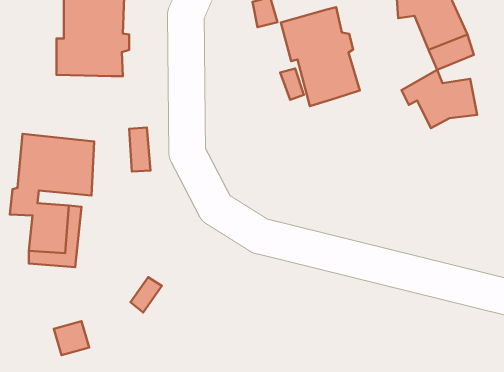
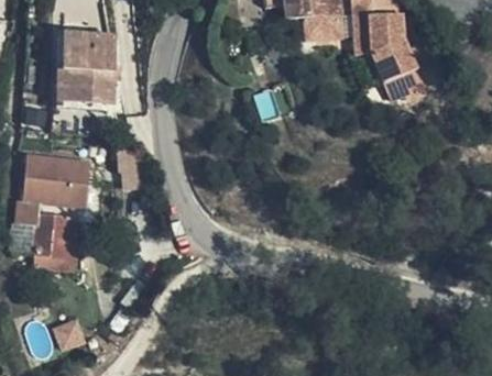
building: [281,7,360,106] -> none
building: [401,70,477,128] -> none

